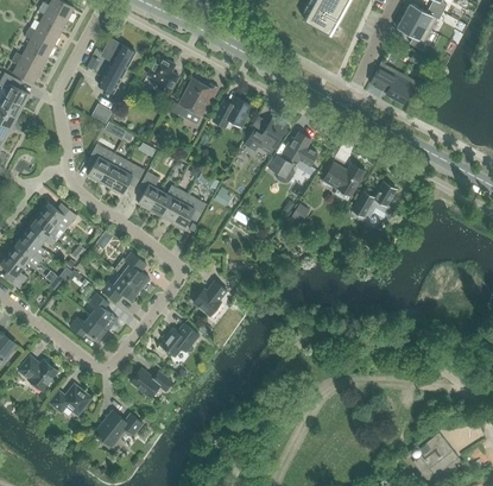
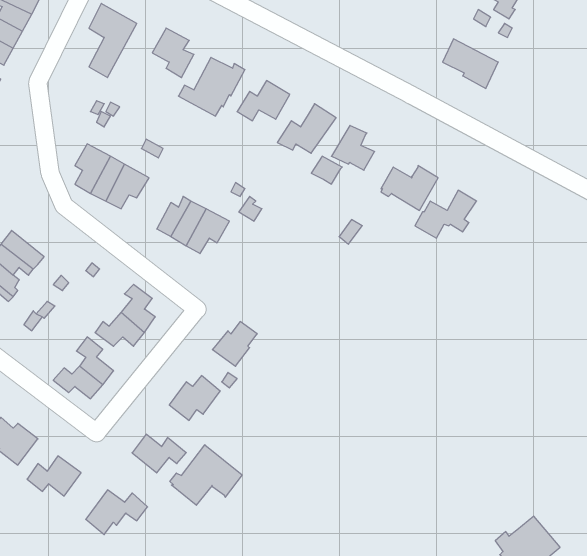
building: [138,172,160,210] -> none
building: [38,201,76,232] -> none
building: none -> [170,445,242,505]

